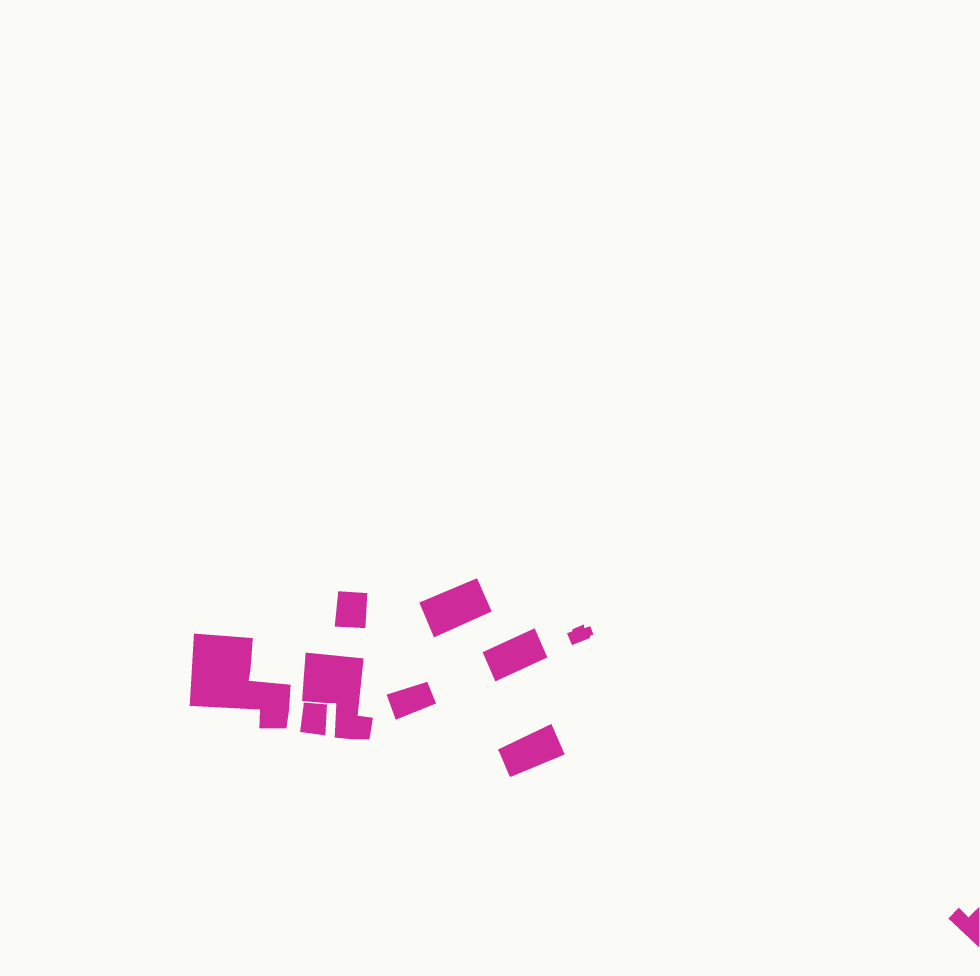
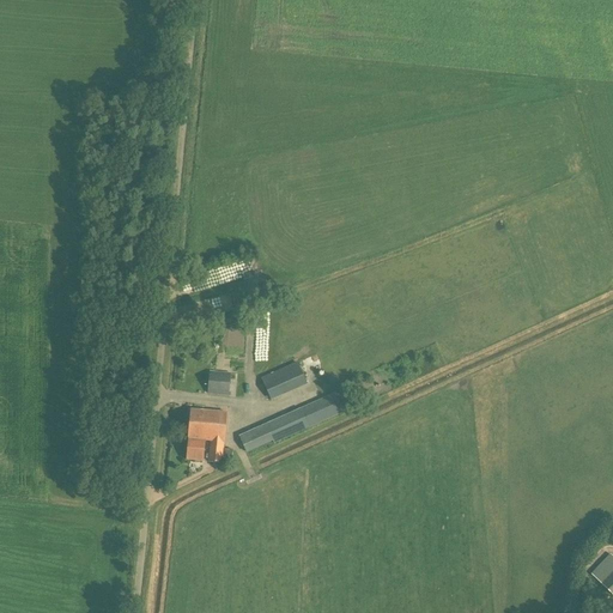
building: [189,633,292,729] -> none
building: [497,722,566,778] -> [266,406,309,441]

